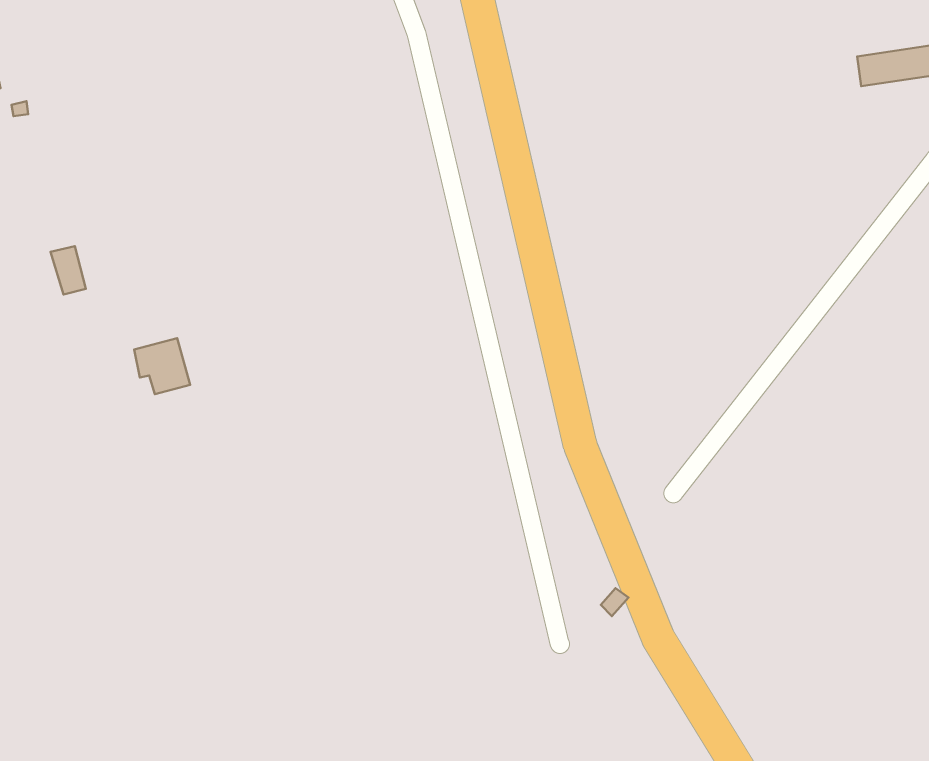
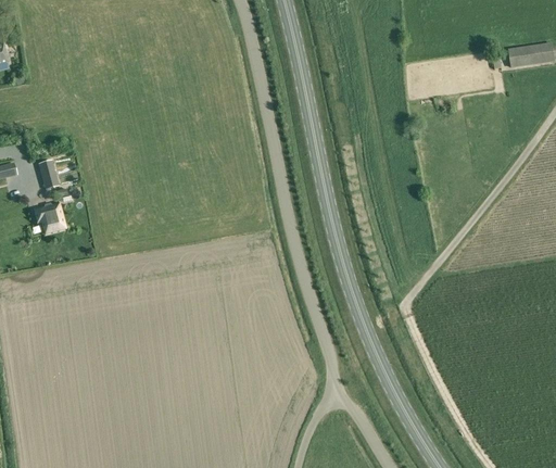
building: [134,338,190,394] -> [34,201,66,233]

